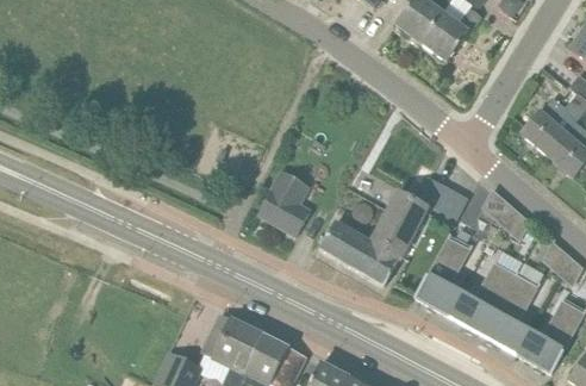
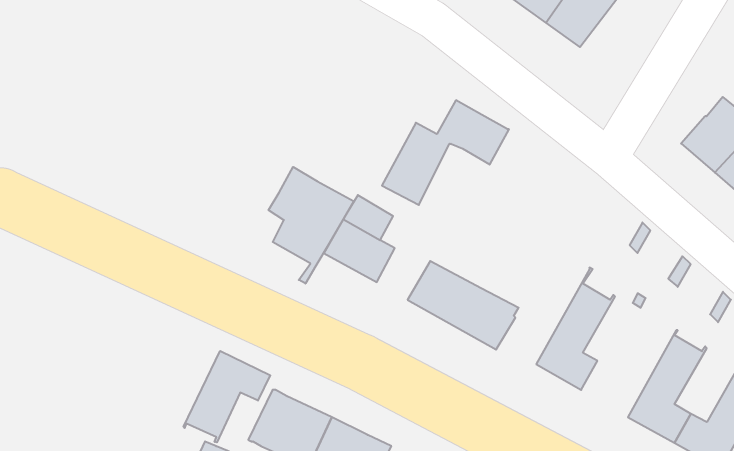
building: none -> [269,167,354,284]
building: [374,175,468,253] -> [382,100,509,205]
building: [448,257,518,334] -> none
building: none -> [184,351,270,442]

